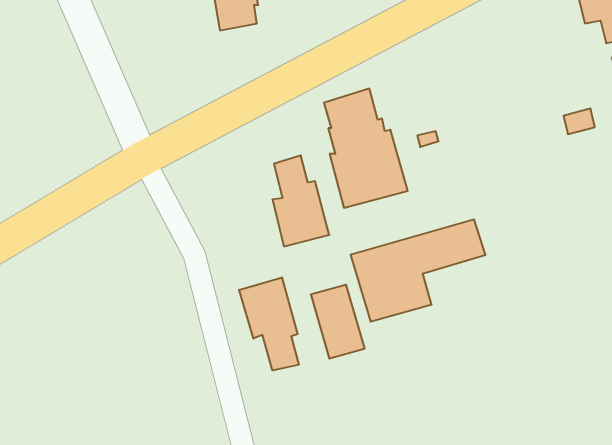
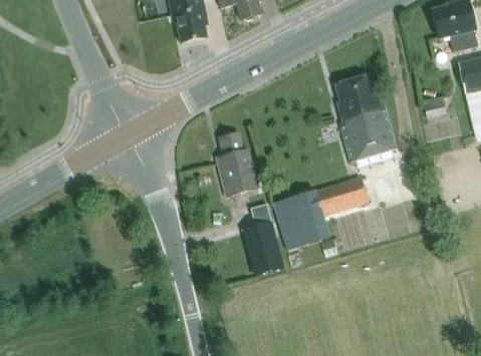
building: [324,89,408,208] -> [336,75,396,159]
building: [239,277,299,370] -> none

